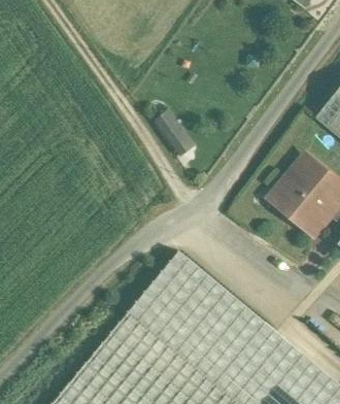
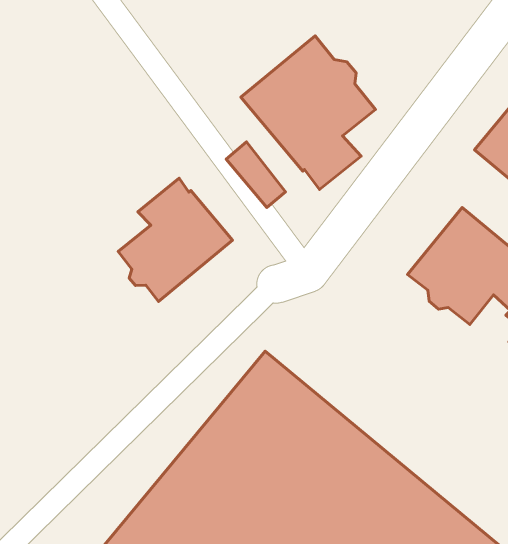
building: none -> [241,36,375,190]
building: none -> [118,178,232,302]

